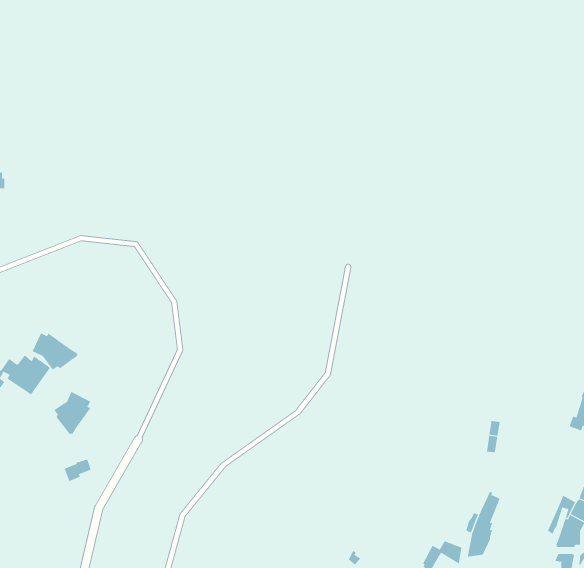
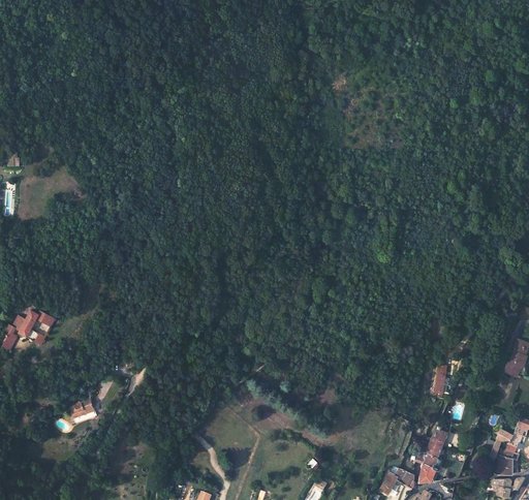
building: [32,332,78,371] -> none
building: [54,391,91,435] -> none

